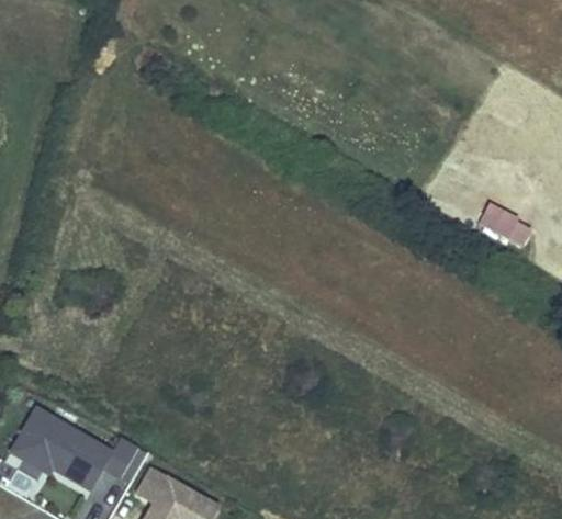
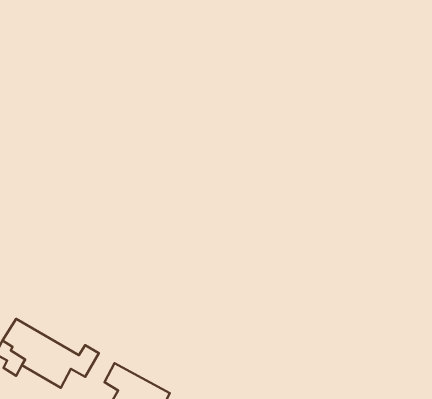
building: [479,203,530,247] -> none

